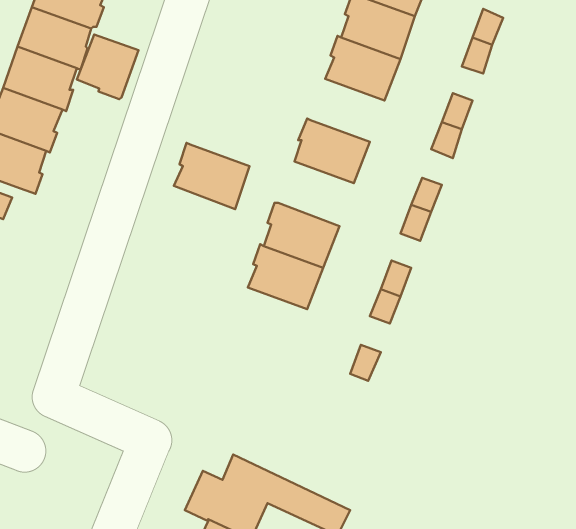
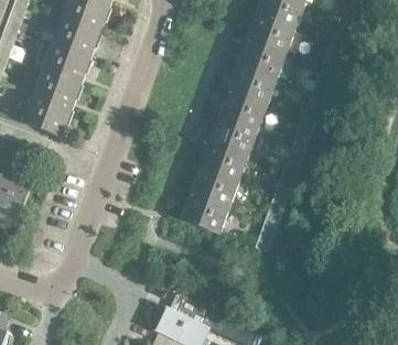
building: [77,35,138,99] -> none
building: none -> [230,64,276,104]
building: [174,143,250,209] -> [211,115,257,155]
building: none -> [182,192,228,234]

